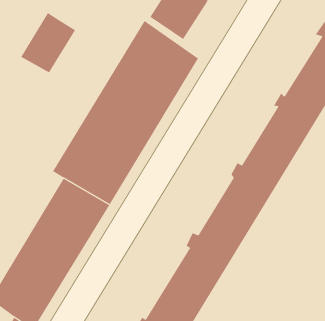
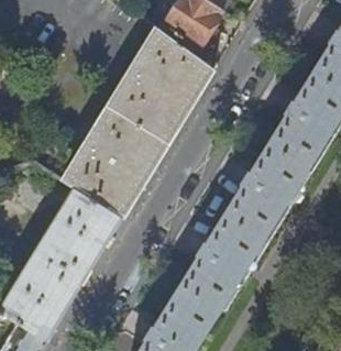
building: [20,12,76,73] -> none

